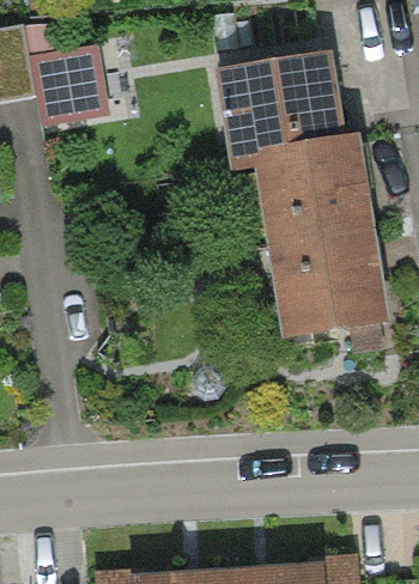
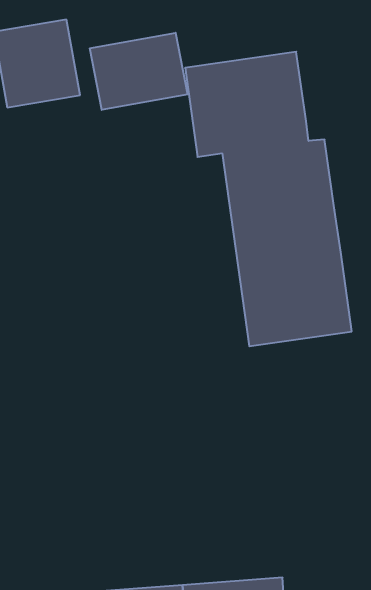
building: none -> [90,33,188,110]

